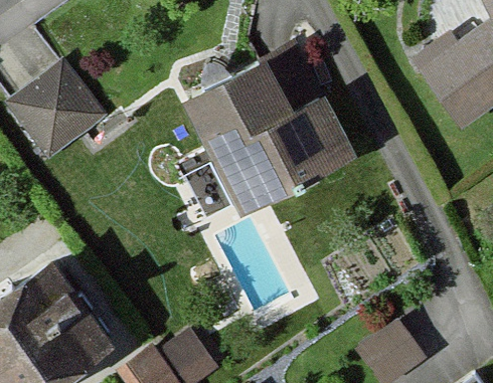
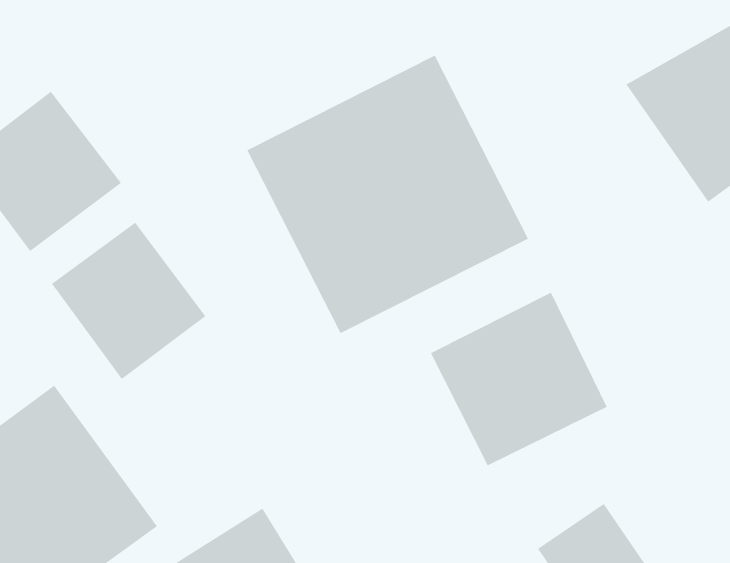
building: none -> [51,222,206,380]
building: none -> [430,292,607,466]

